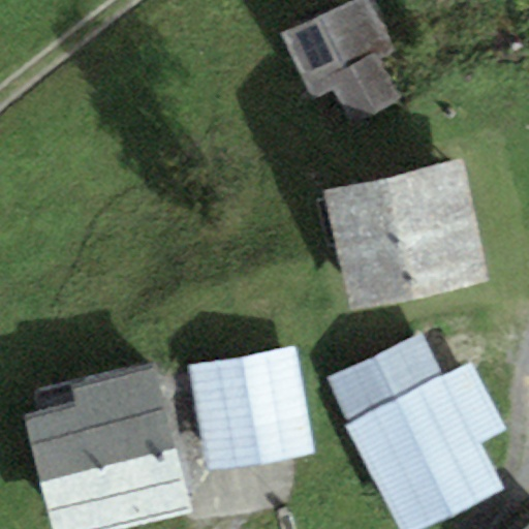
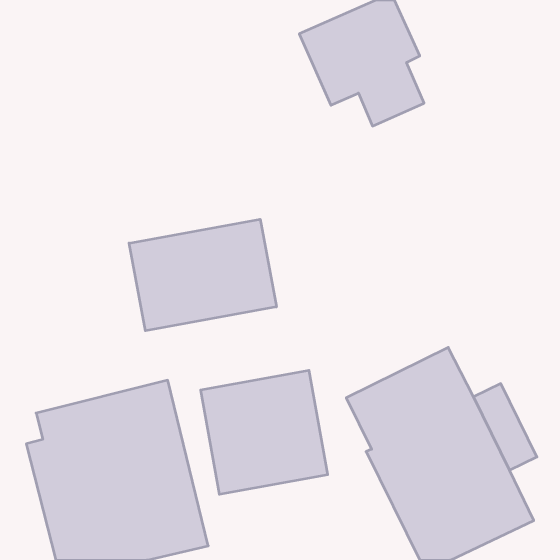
building: [330,167,480,307] -> none
building: none -> [129,219,276,331]

